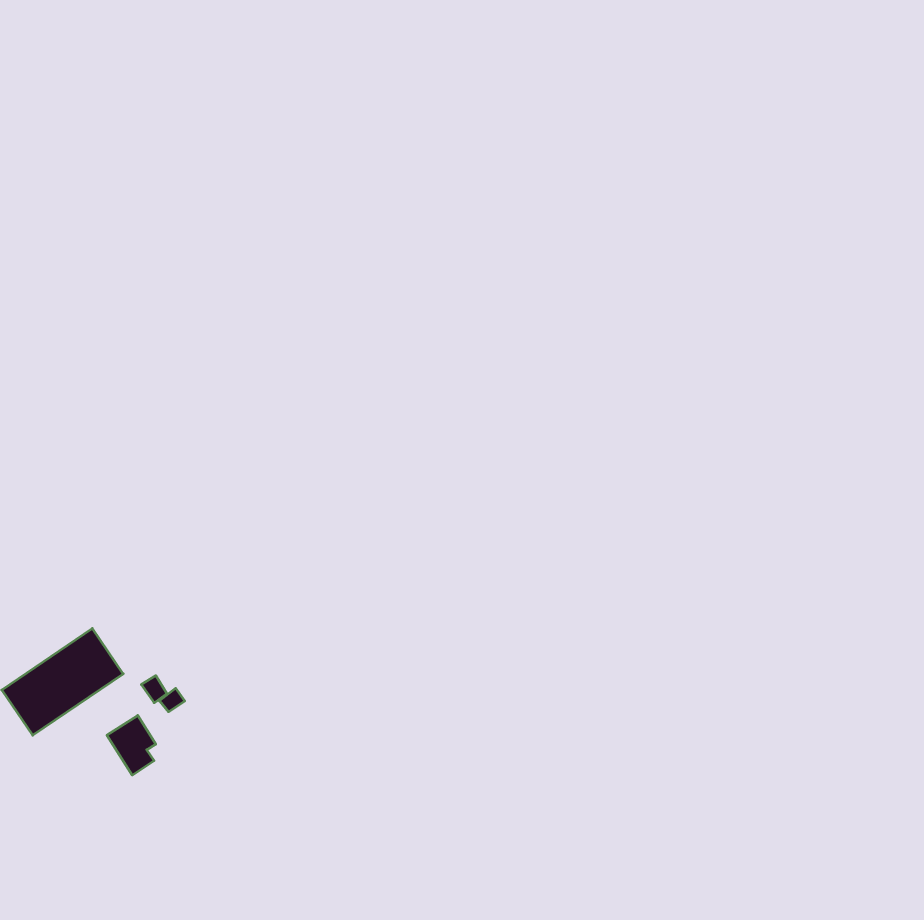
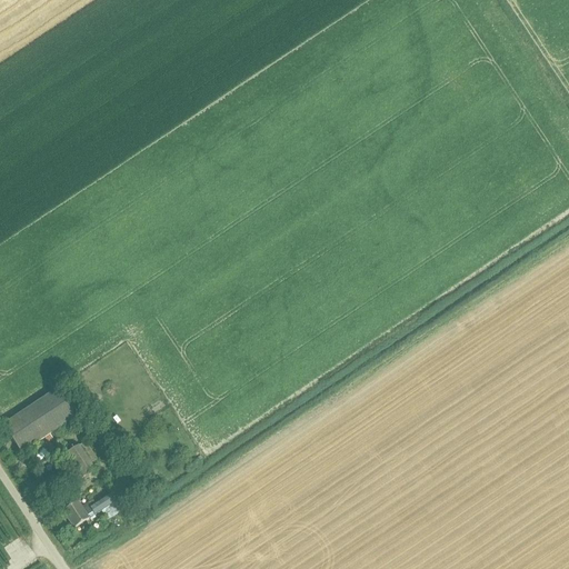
building: none -> [61,491,114,526]

